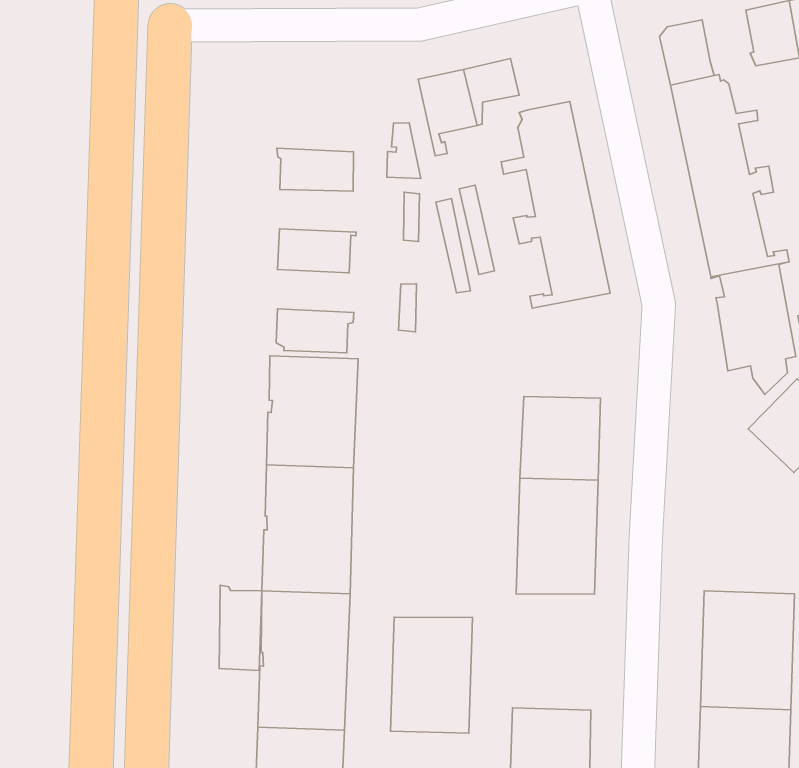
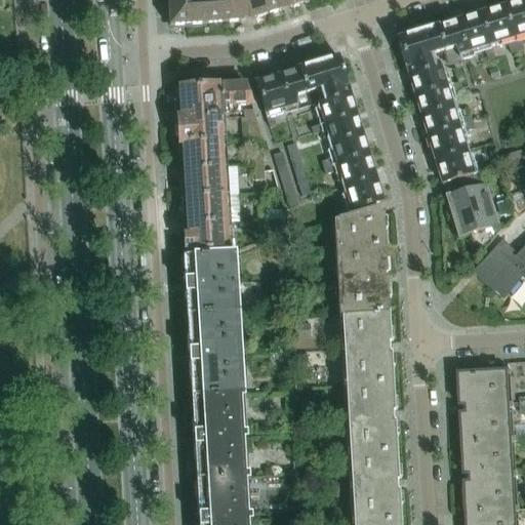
building: none -> [425,19,457,52]
building: none -> [312,54,350,91]
building: none -> [176,80,253,128]
building: none -> [180,150,229,176]
building: none -> [184,199,232,225]
building: none -> [335,204,385,264]
building: [219,585,262,671] -> none
building: [390,617,473,733] -> [345,378,396,451]

